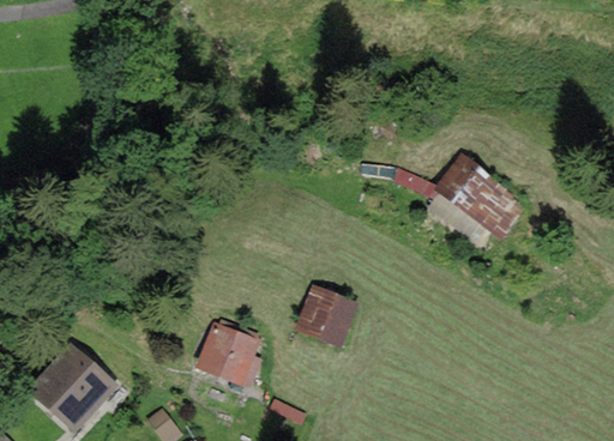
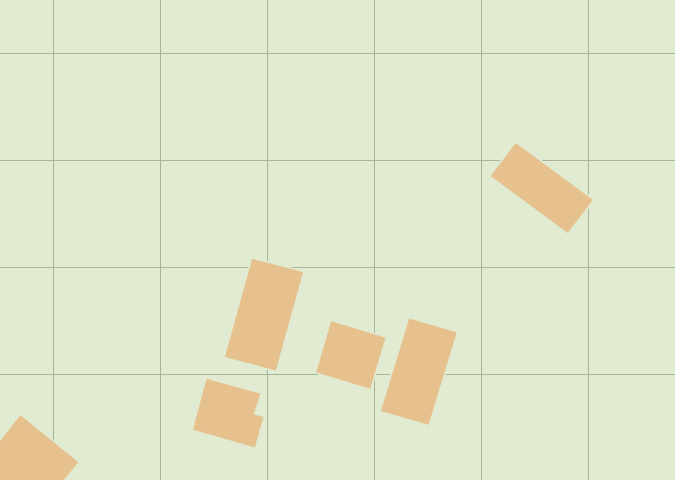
building: none -> [224,258,304,372]
building: none -> [380,317,458,426]

